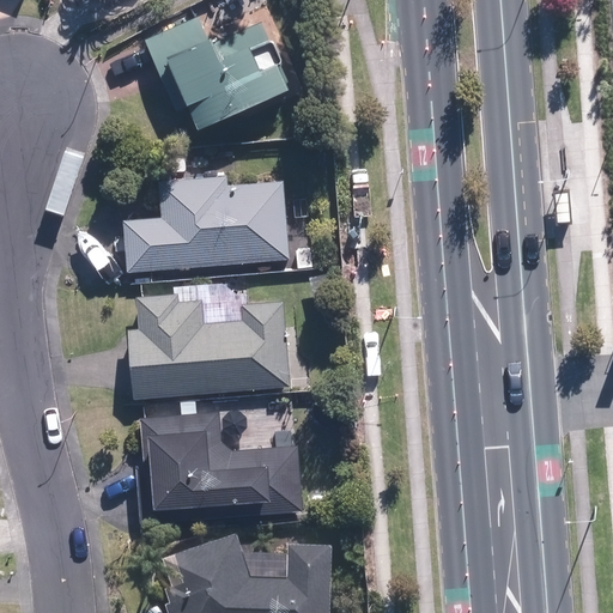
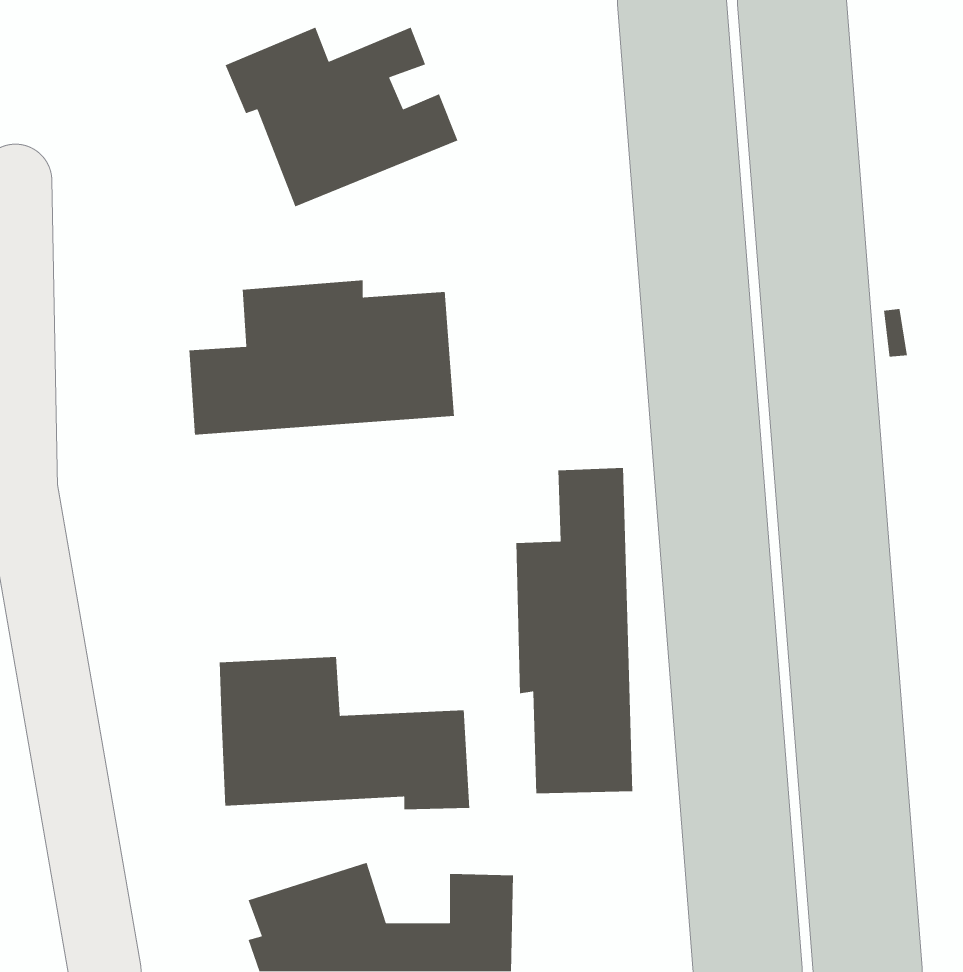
building: [127,293,291,400] -> none
building: none -> [515,467,633,794]

